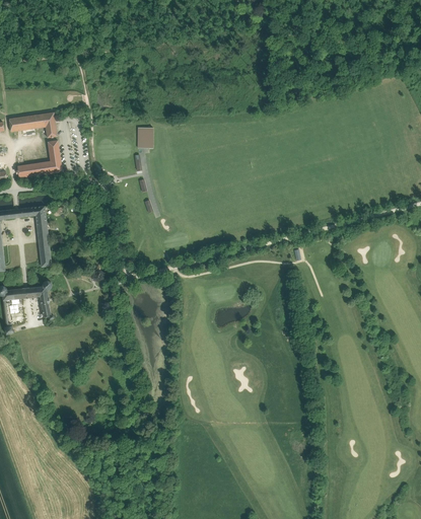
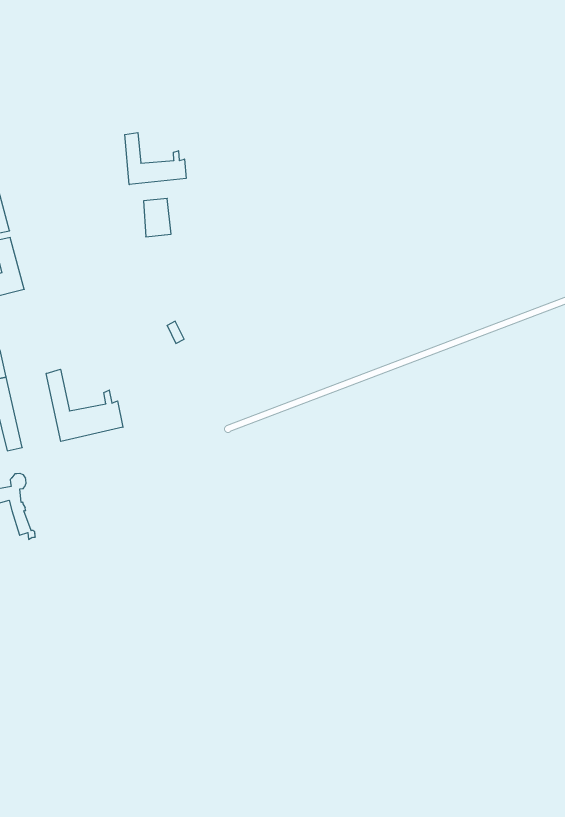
building: none -> [125,133,186,185]
building: none -> [46,369,123,441]

